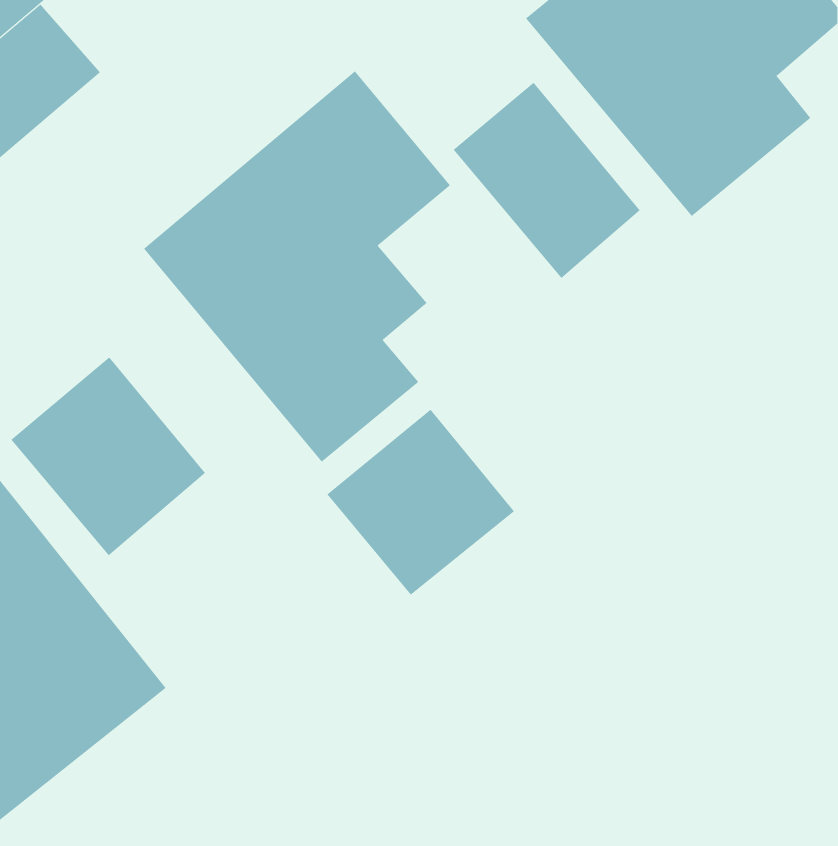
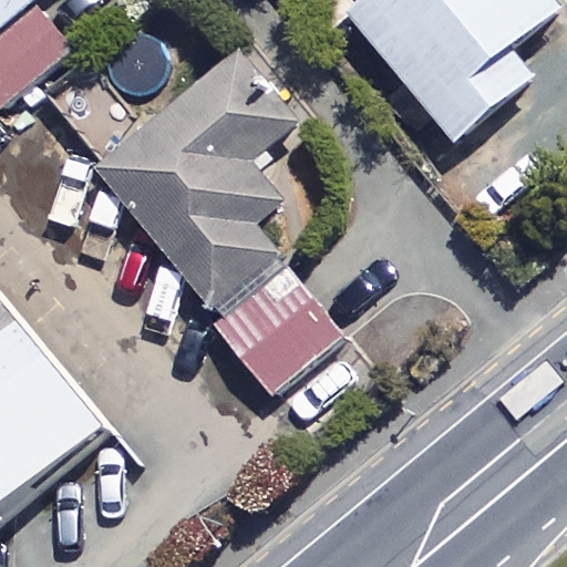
building: [453,82,640,279] -> none
building: [11,357,206,556] -> none

